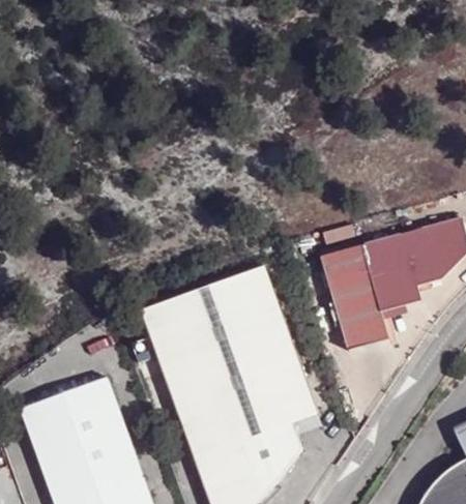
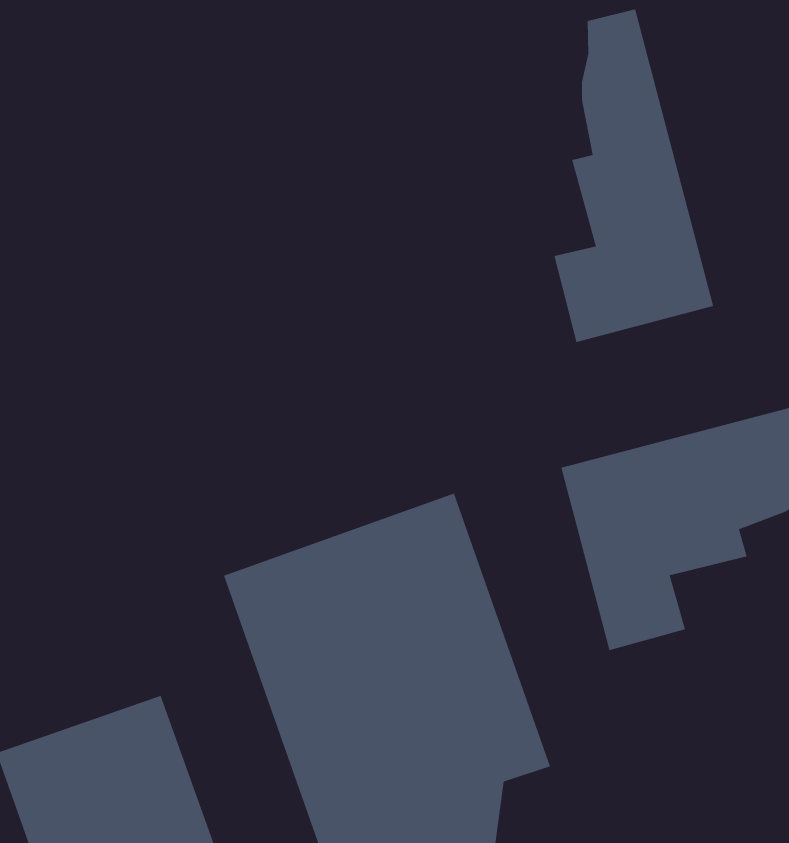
building: none -> [554,9,714,343]

